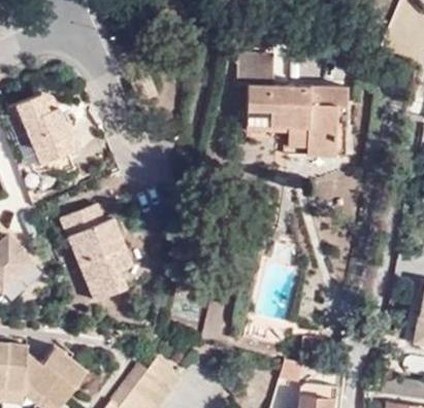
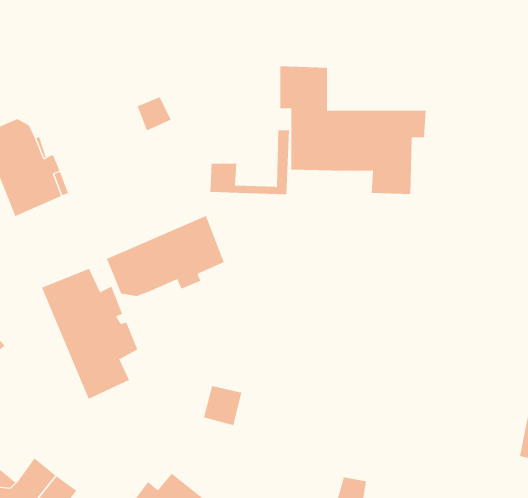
building: [286,106,346,155] -> [210,130,290,195]
building: none -> [106,215,225,297]

